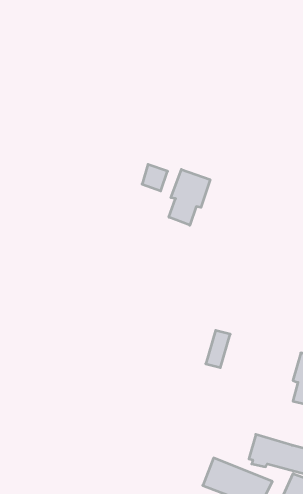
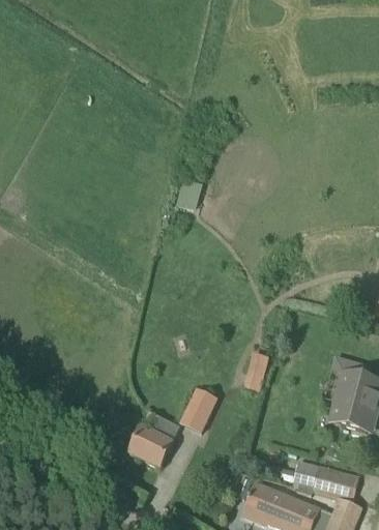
building: [169,169,210,225] -> none
building: none -> [180,388,215,430]
building: none -> [128,415,176,467]

